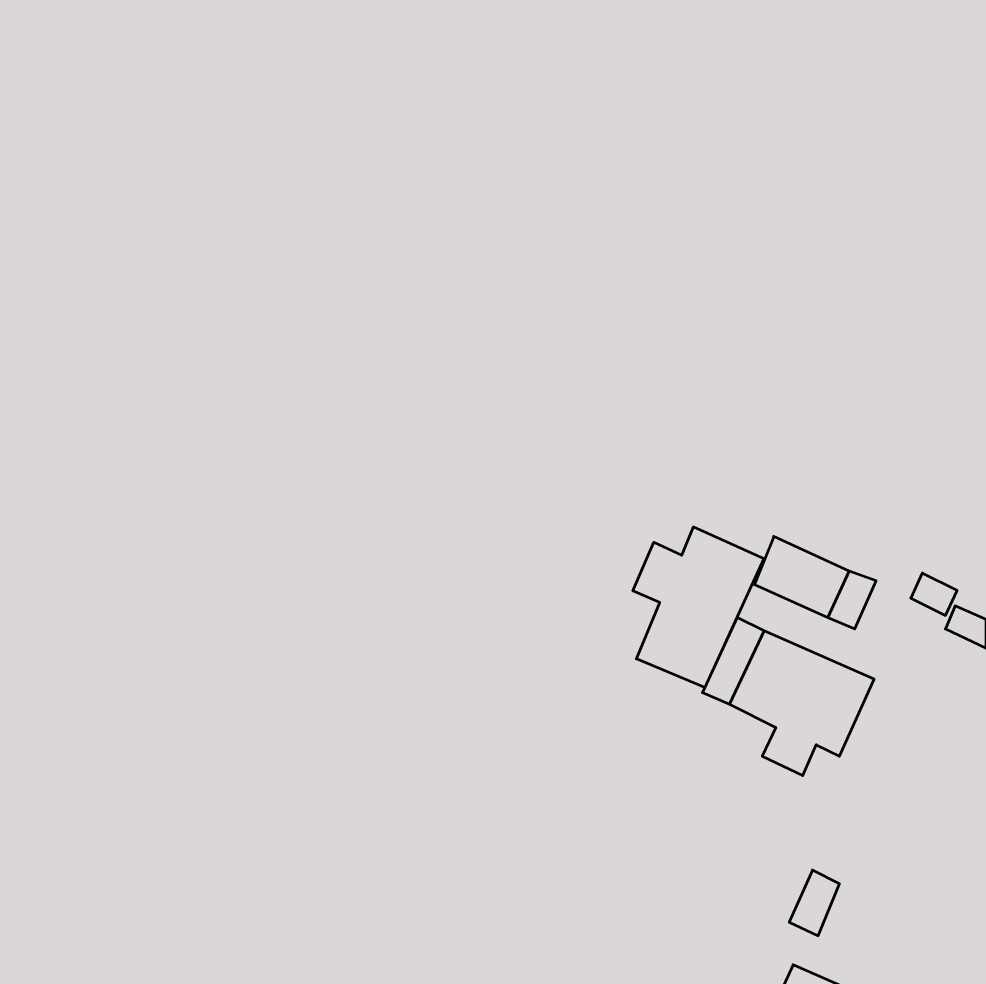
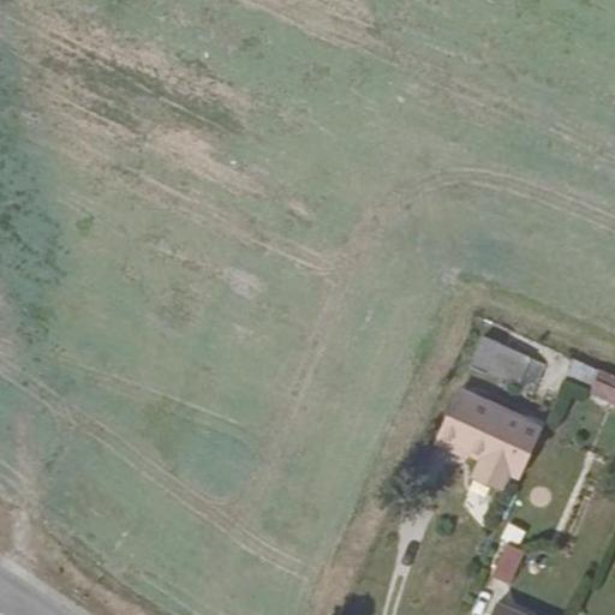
building: [633,527,764,688] -> none

